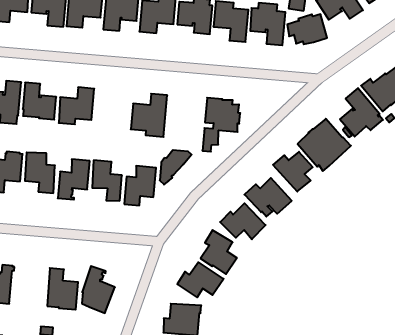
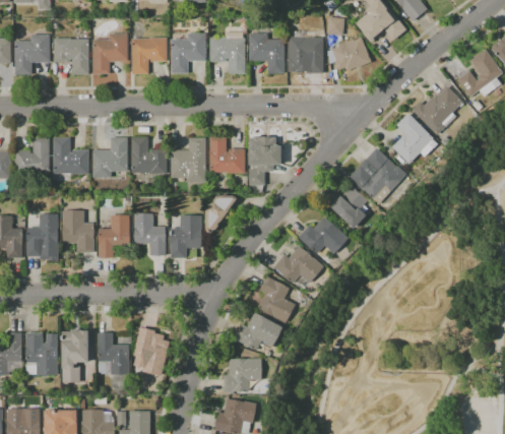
building: none -> [131,137,168,175]
building: none -> [209,137,245,174]
building: none -> [62,329,89,383]

